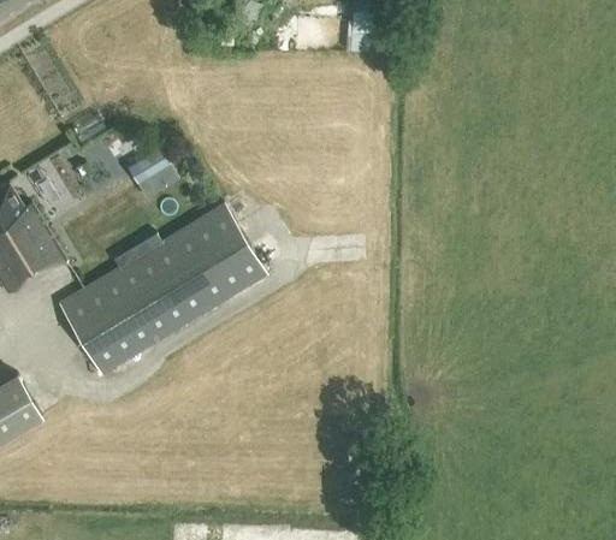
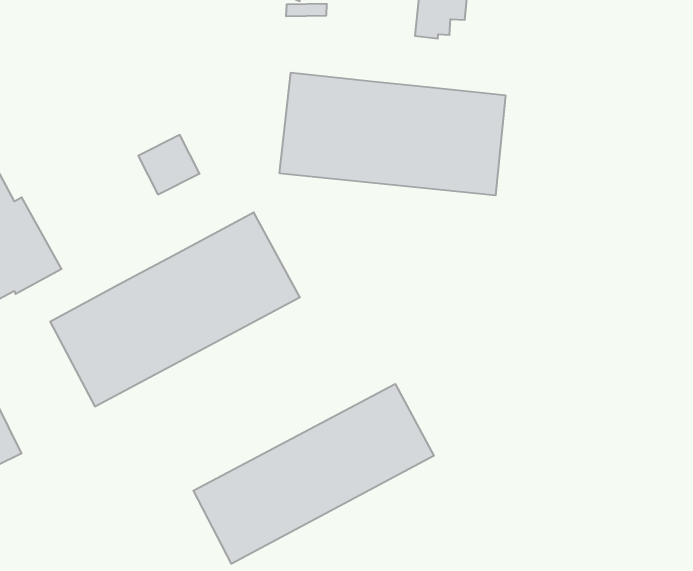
building: none -> [280,73,505,195]
building: none -> [193,384,434,564]

